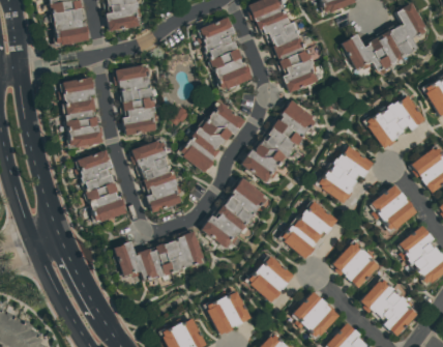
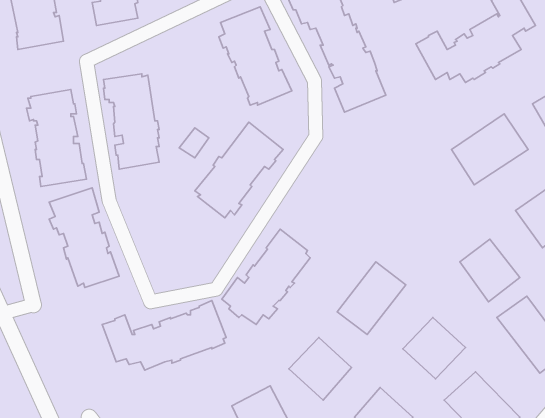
building: [242,98,315,181] -> none
building: [131,140,180,211] -> none
building: [321,147,371,200] -> none

